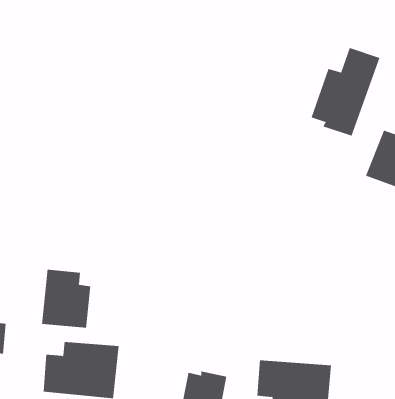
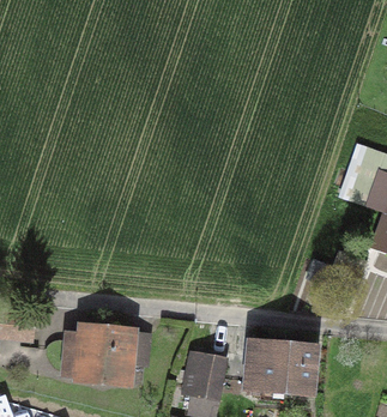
building: [311,47,380,137] -> none
building: [42,269,91,329] -> none

